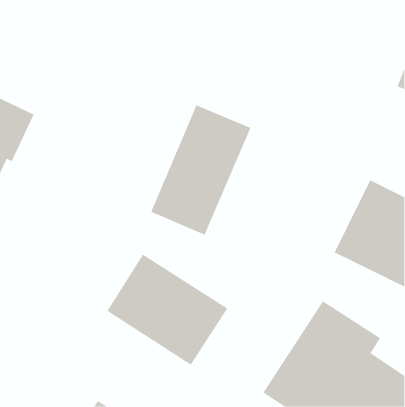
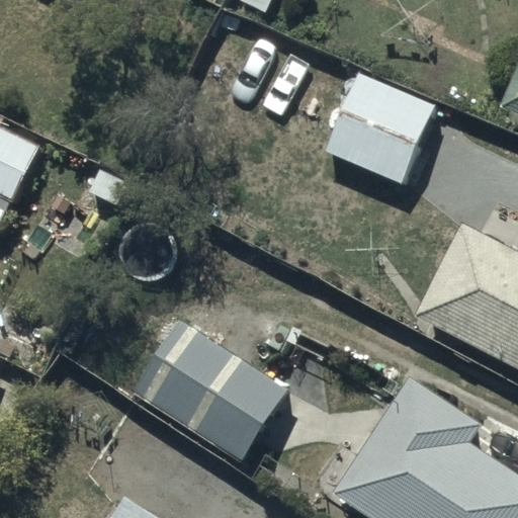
building: none -> [324,73,435,184]
building: [150,105,251,236] -> none

